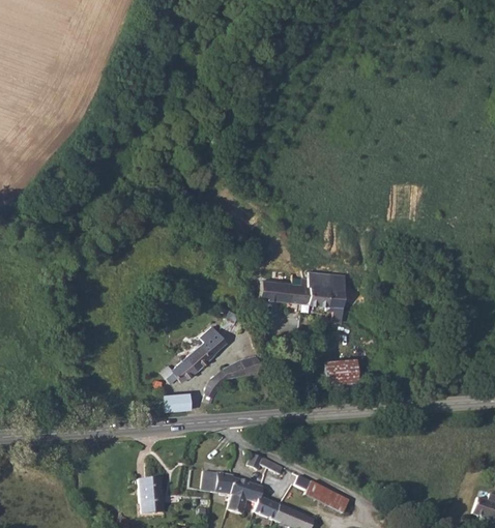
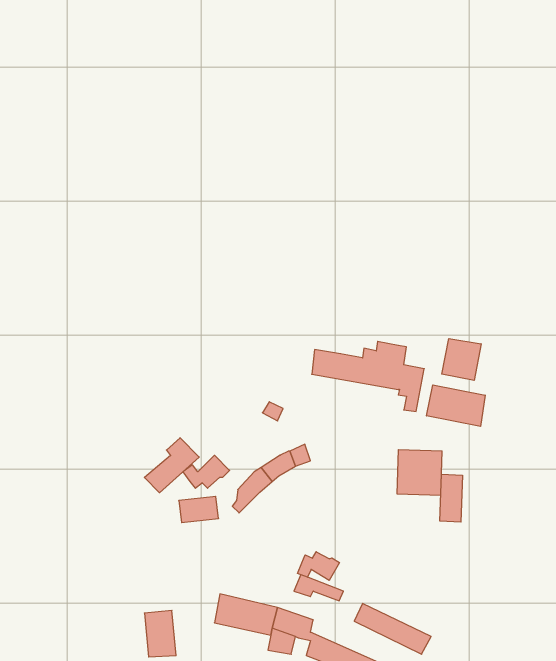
building: none -> [442,339,481,380]
building: none -> [427,385,485,426]
building: [188,330,230,372] -> [144,438,199,493]
building: none -> [440,474,462,522]
building: none -> [298,552,339,580]

